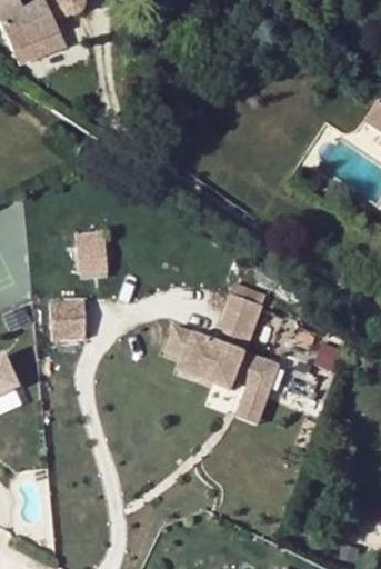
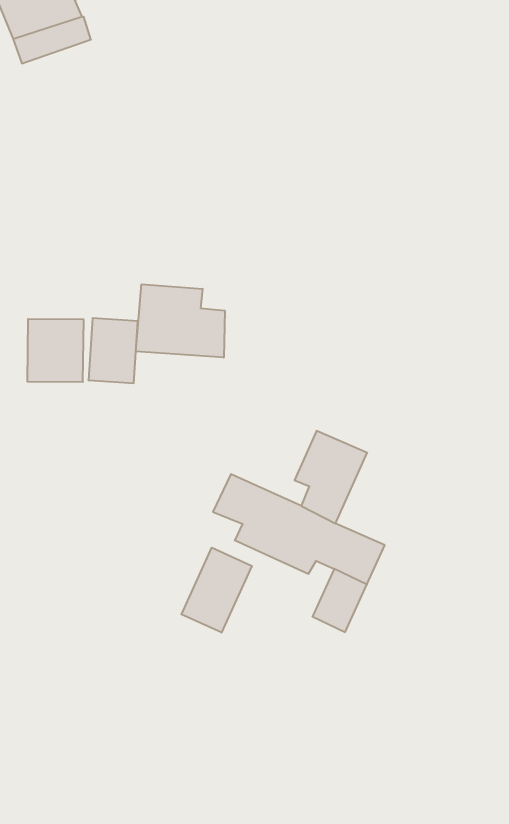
building: none -> [136,284,225,358]
building: [51,295,90,338] -> [27,319,84,382]
building: none -> [181,548,252,633]

